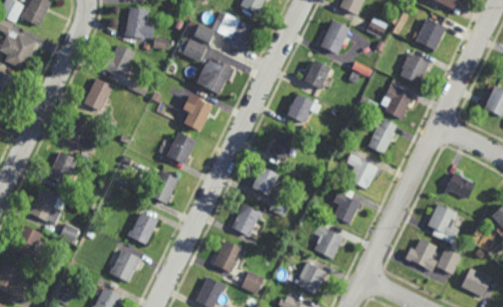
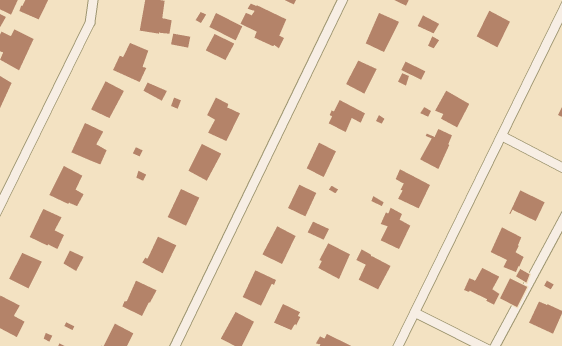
building: [399,52,429,83] -> none
building: [203,57,236,92] -> none
building: [297,262,326,294] -> [317,243,351,280]

